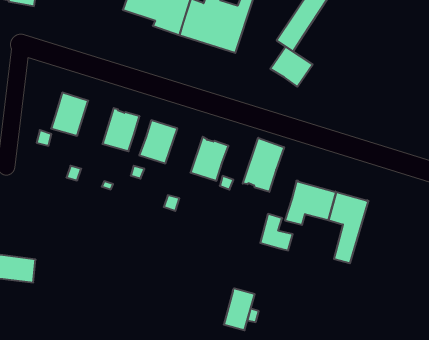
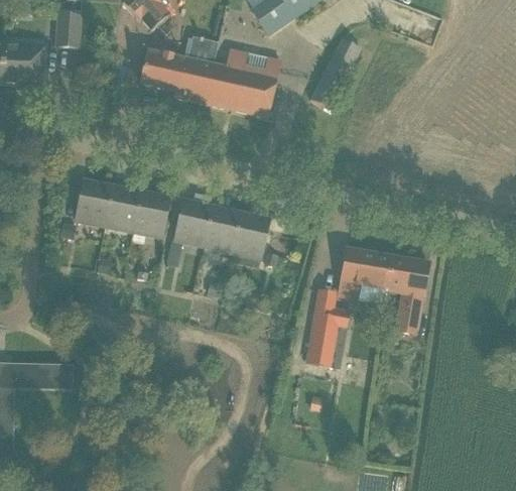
building: [270,47,313,87] -> none
building: none -> [104,186,140,231]
building: none -> [203,206,240,252]
building: [243,138,284,192] -> none
building: [224,288,255,330] -> [307,321,338,365]

